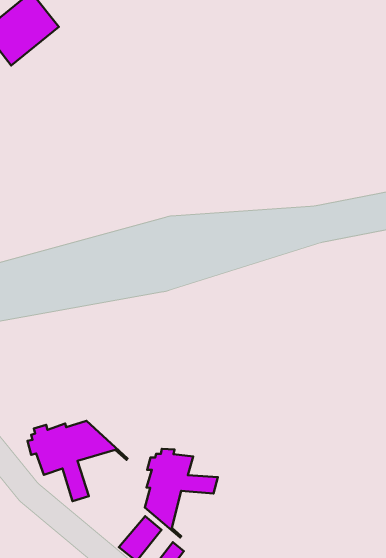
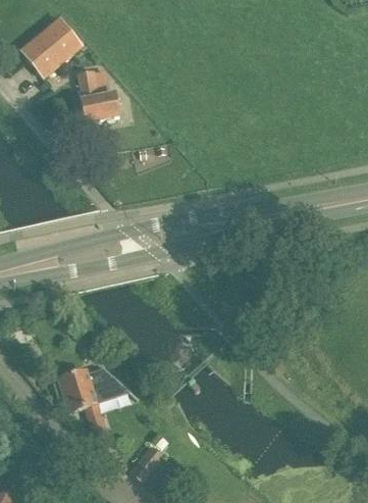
building: none -> [77,70,120,121]
building: [145,449,218,537] -> none

